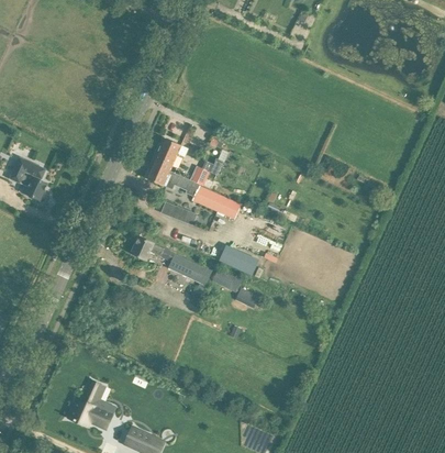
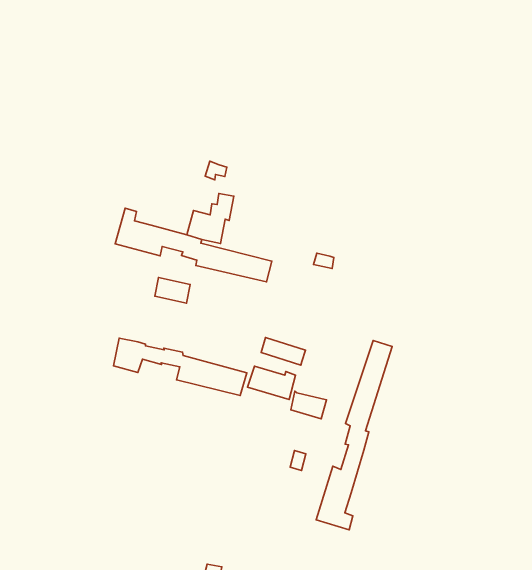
building: [155,136,188,169] -> none
building: none -> [316,340,392,530]

